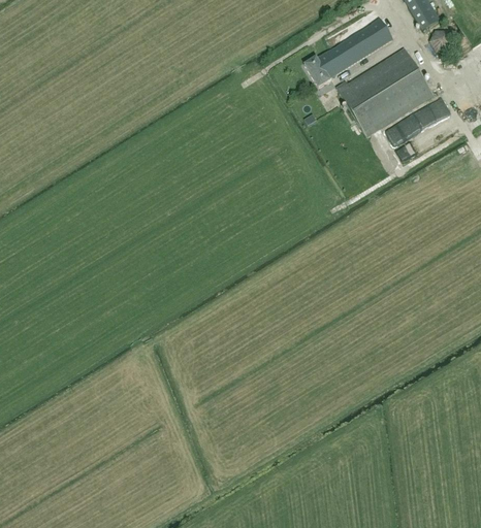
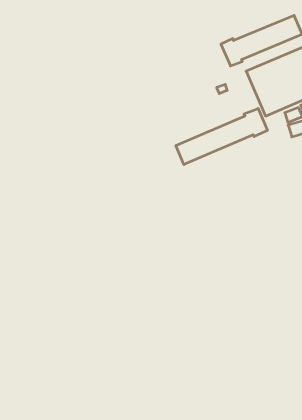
building: none -> [176,108,267,165]

